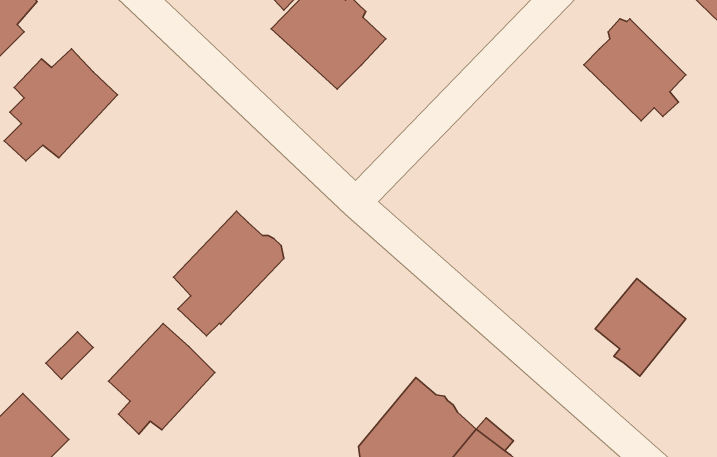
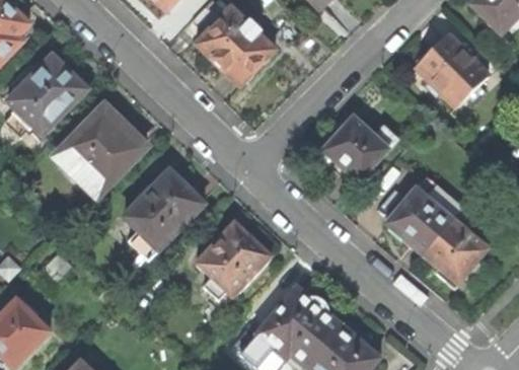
building: none -> [57,105,144,198]
building: none -> [322,118,396,186]
building: none -> [385,173,463,252]
building: [109,324,215,434] -> [195,221,270,299]

